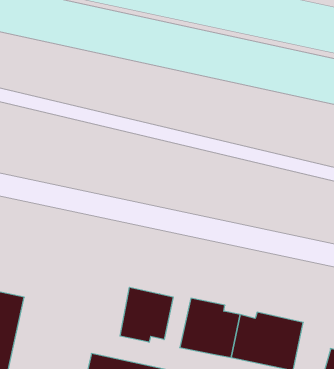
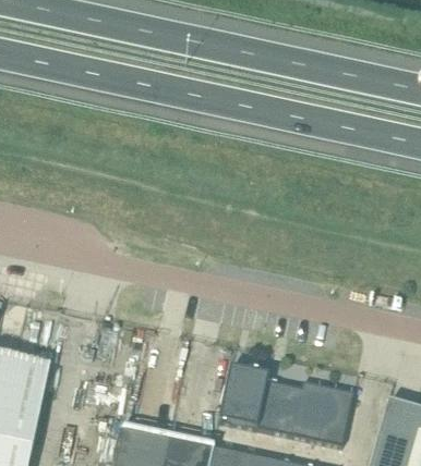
building: [120,287,173,342] -> none

